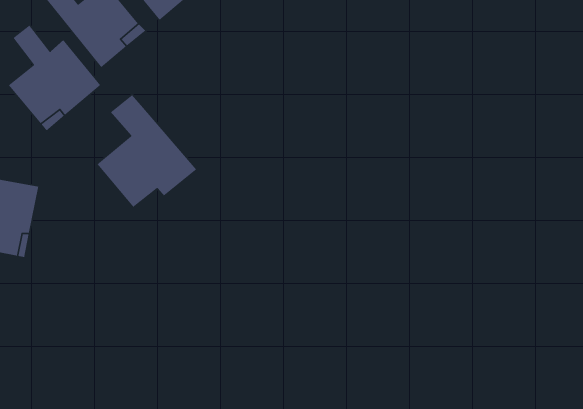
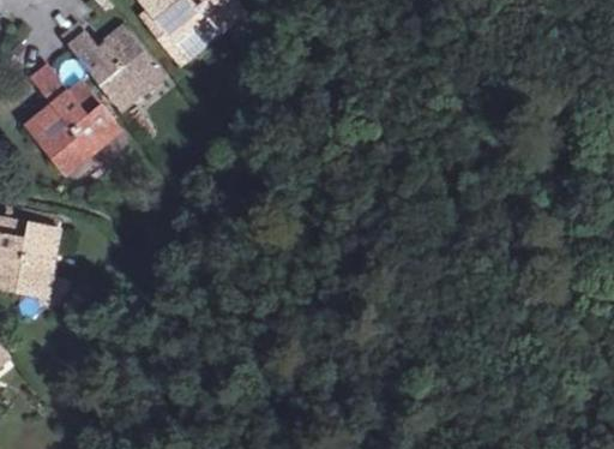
building: [97,94,197,208] -> none

